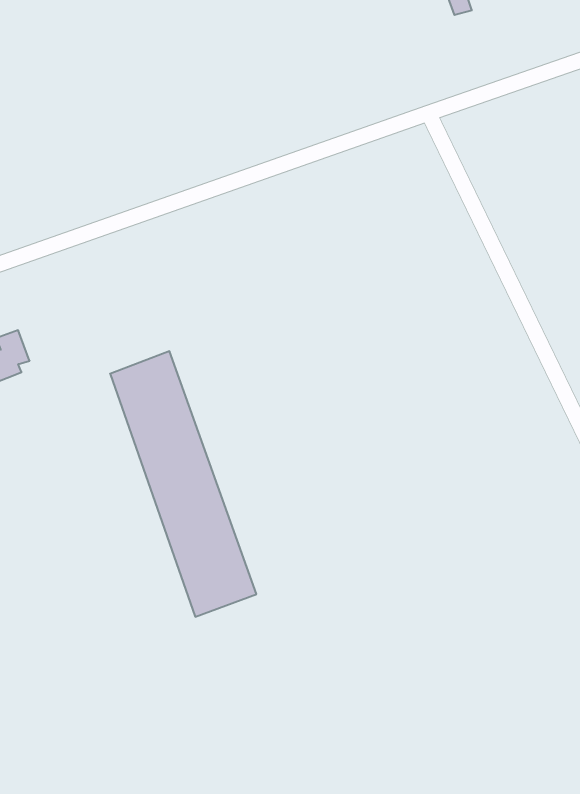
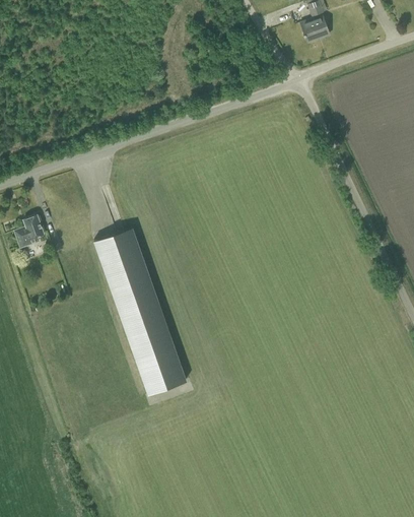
building: none -> [299,14,329,43]

